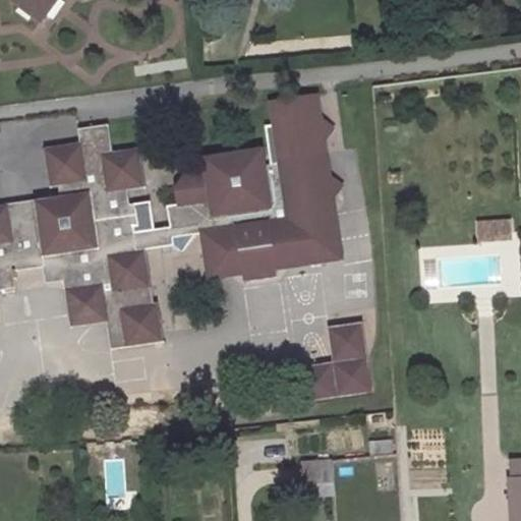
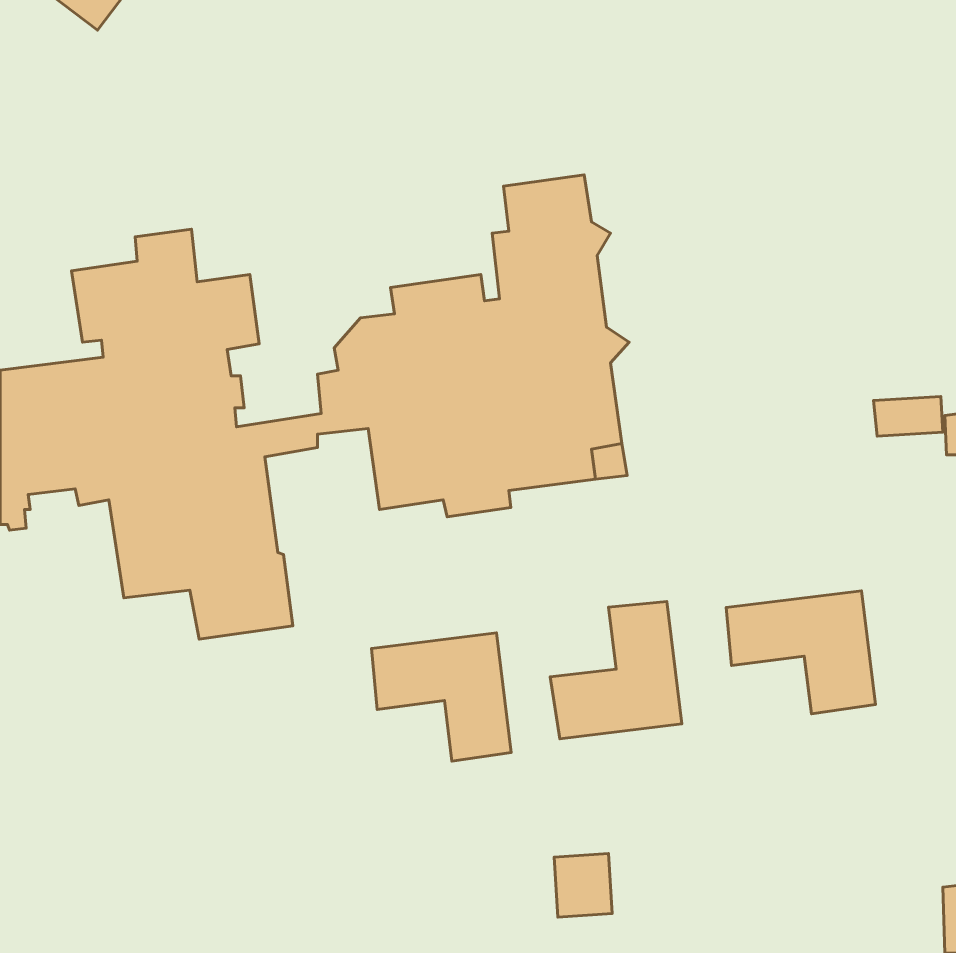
building: none -> [726,591,875,714]
building: none -> [372,633,511,761]

